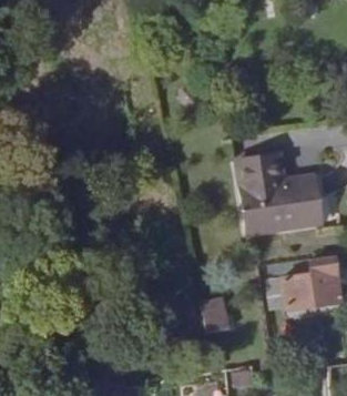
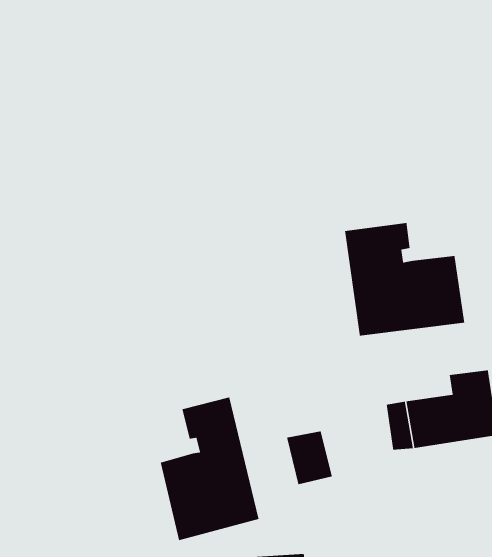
building: none -> [160,396,260,541]

